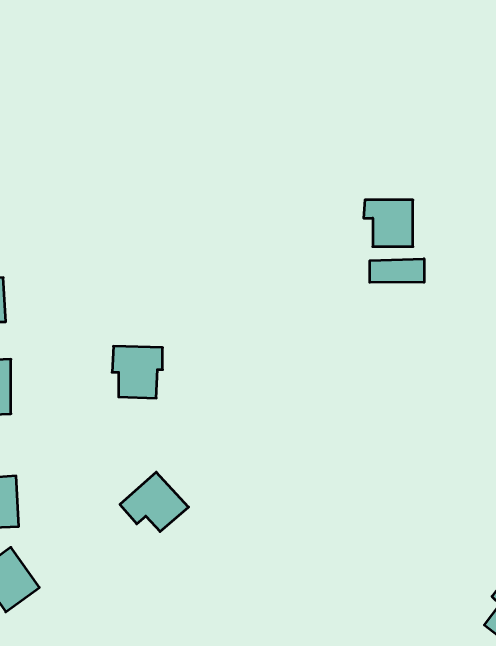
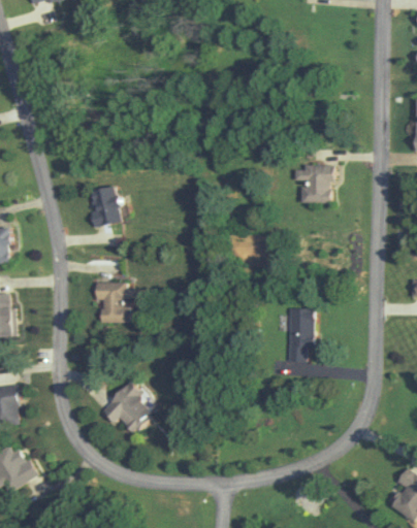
building: none -> [88,187,121,227]
building: [370,259,424,282] -> none
building: none -> [289,308,312,363]

